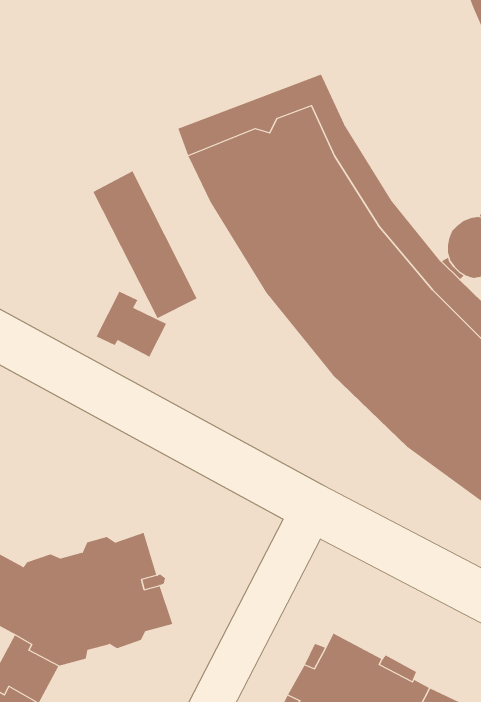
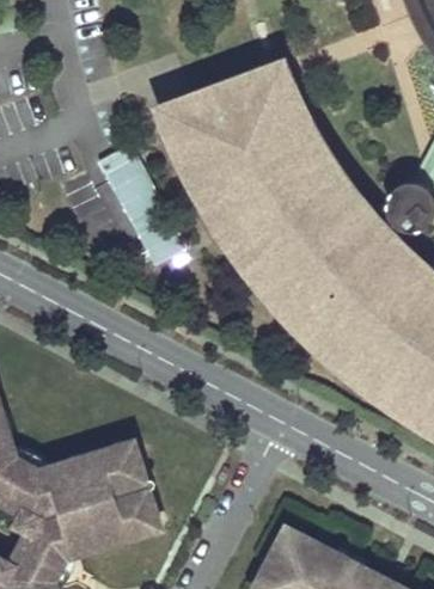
building: [96,291,167,358] -> none

